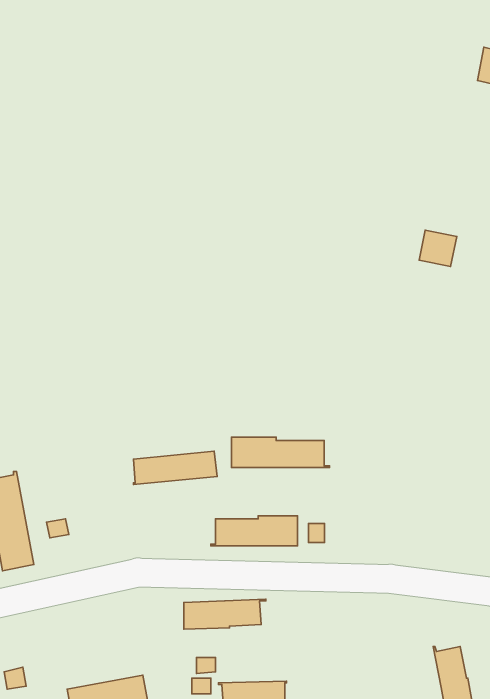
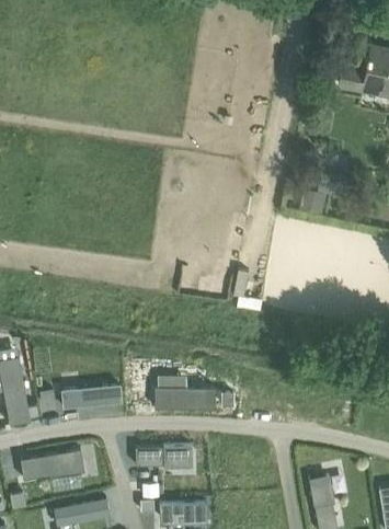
building: [231,437,329,467] -> none
building: [134,451,217,484] -> [64,386,122,409]
building: none -> [21,449,82,480]

